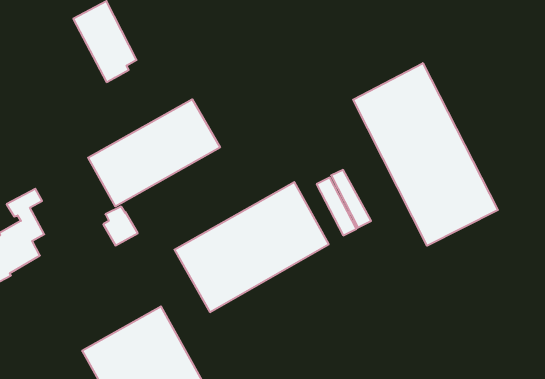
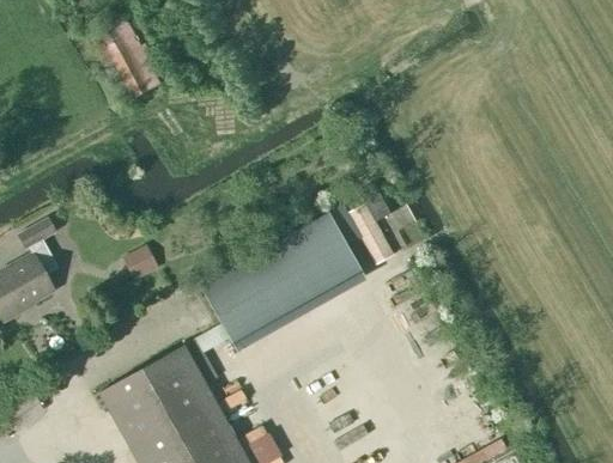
building: [353,63,498,246] -> none
building: [88,99,220,206] -> none

